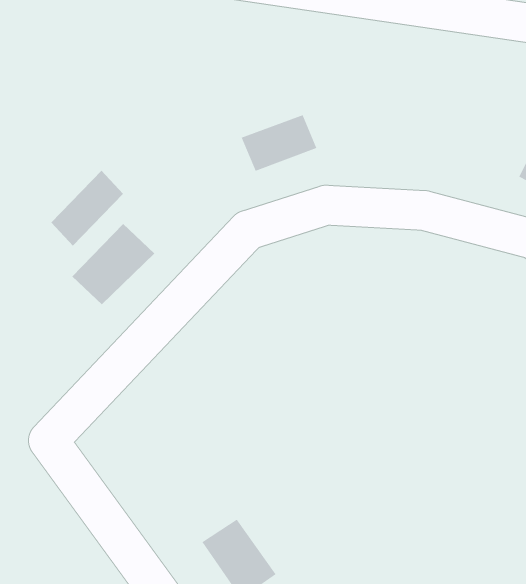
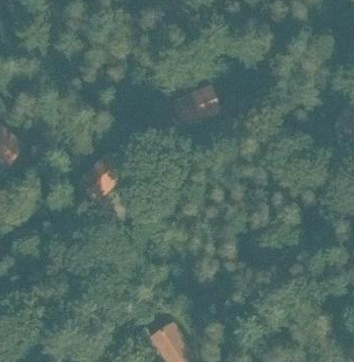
building: [50,170,124,247] -> none

